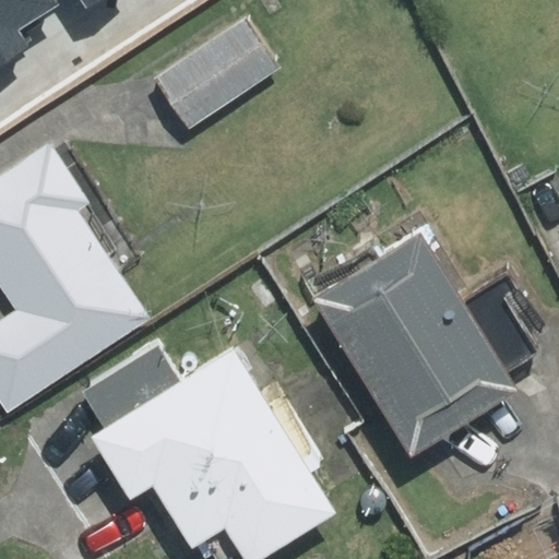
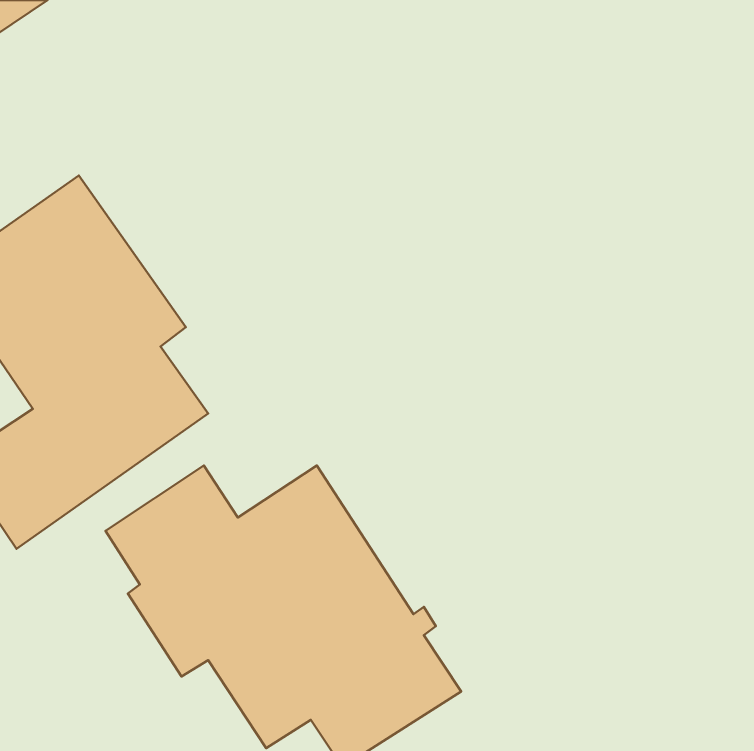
building: [157,14,281,126] -> none
building: [302,234,511,461] -> none

